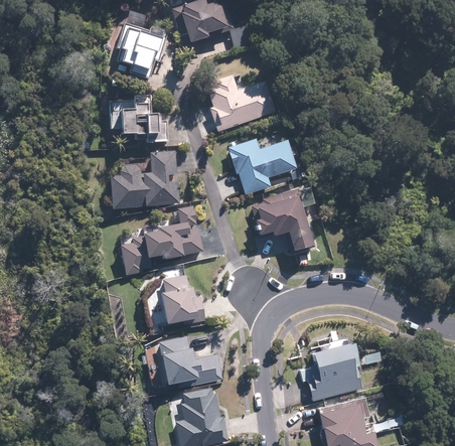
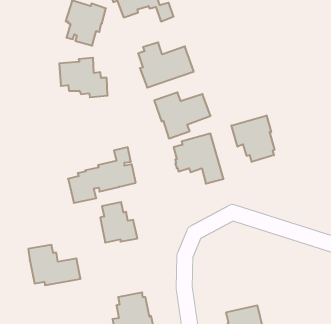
building: [109,151,180,209] -> none
building: none -> [231,115,275,162]
building: [158,337,223,388] -> [28,245,81,285]
building: [309,343,360,401] -> none

